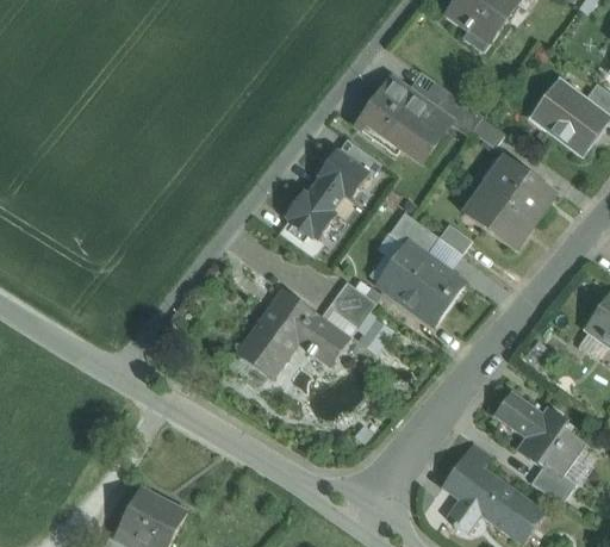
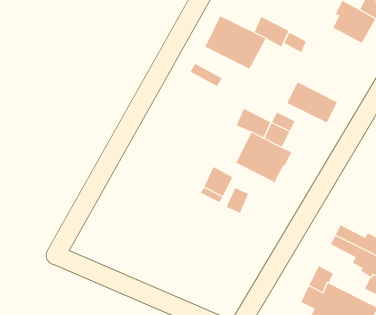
building: [285,151,368,244] -> none
building: [483,155,555,223] -> none
building: [237,291,349,378] -> none

